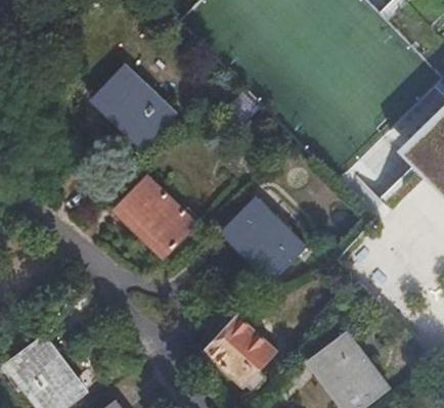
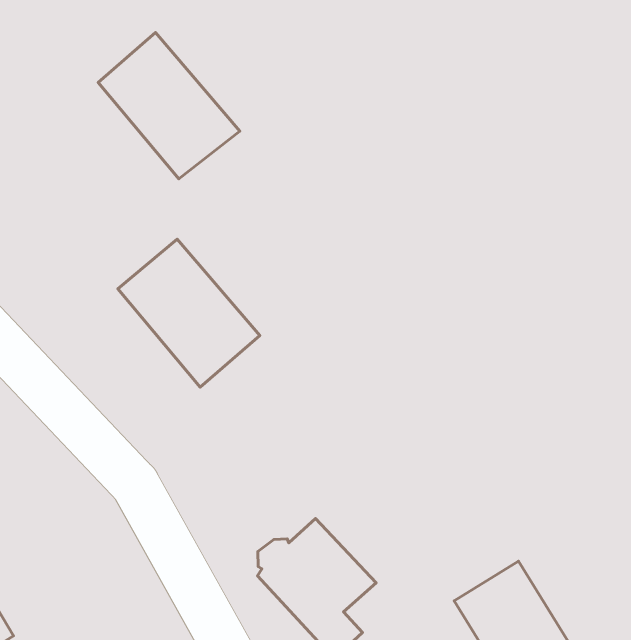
building: [227,195,306,274] -> none

